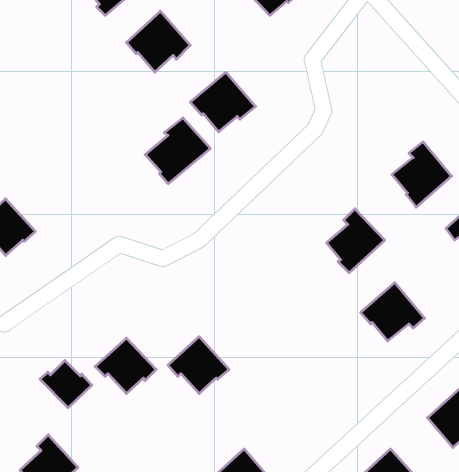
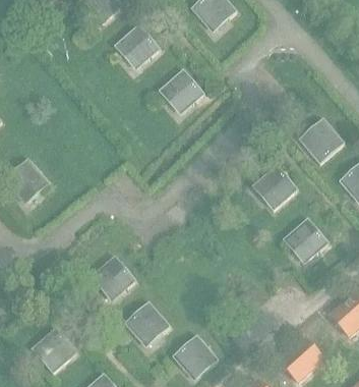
building: [145,118,210,184] -> none
building: [168,337,229,394] -> [125,302,169,343]
building: [40,360,92,408] -> none

